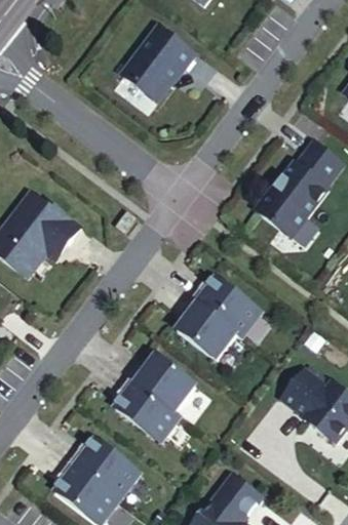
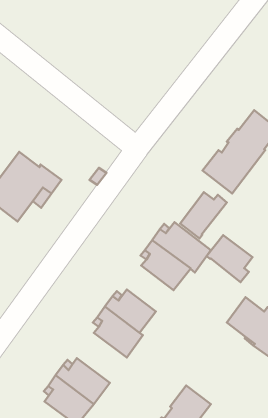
building: [132,31,204,105] -> none
building: none -> [180,192,227,239]
building: none -> [207,235,253,282]

